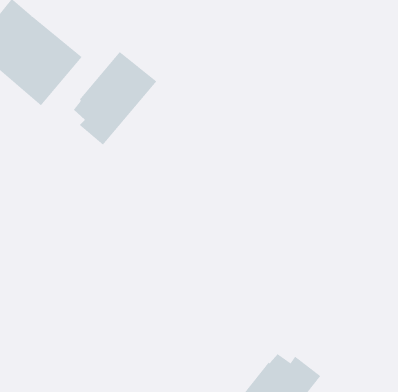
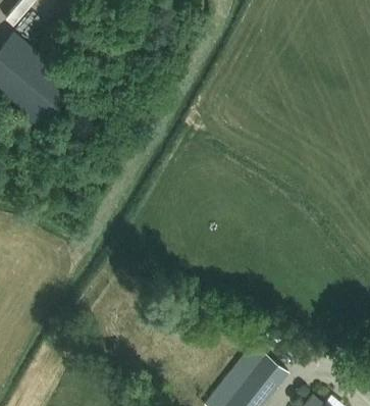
building: [73,51,157,146] -> none

